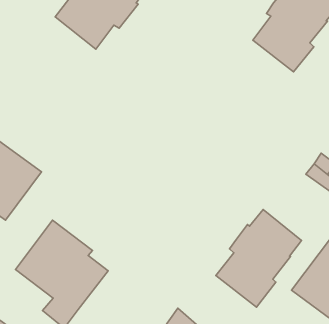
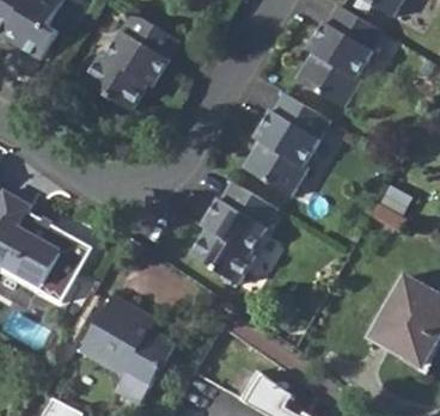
building: none -> [243,94,329,197]
building: [216,209,302,307] -> [190,182,275,285]

